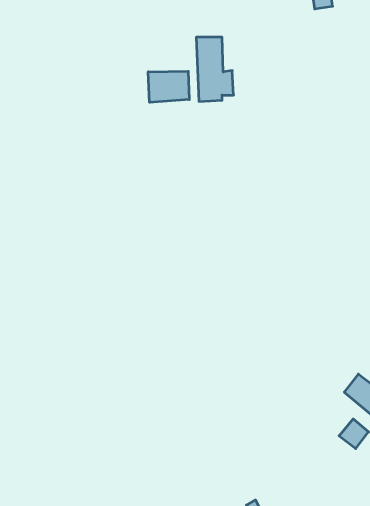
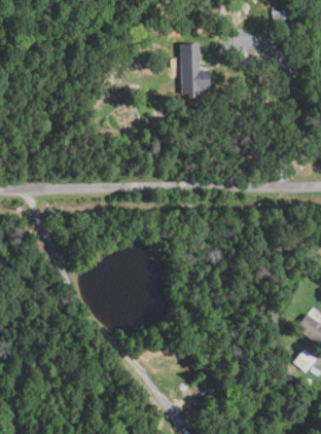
building: [148,71,189,102] -> none

